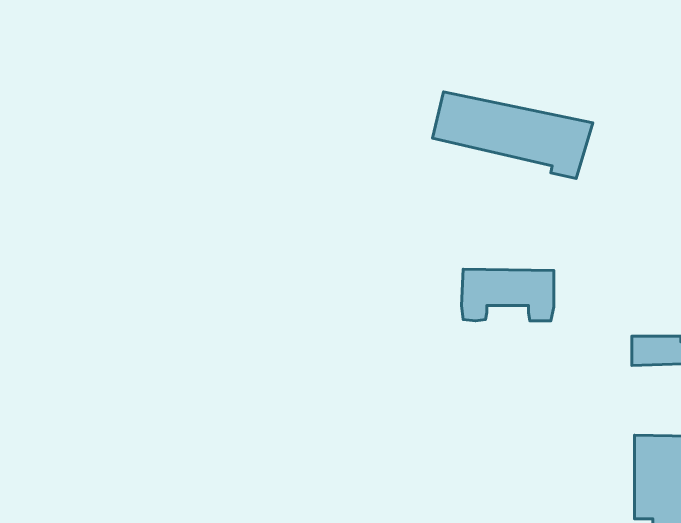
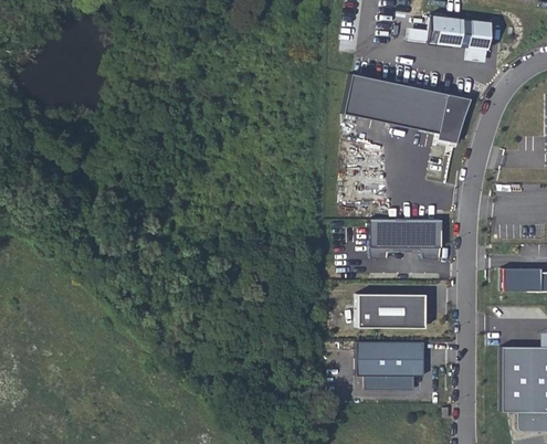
building: none -> [427,14,494,50]
building: none -> [355,292,423,326]
building: none -> [359,341,424,390]

